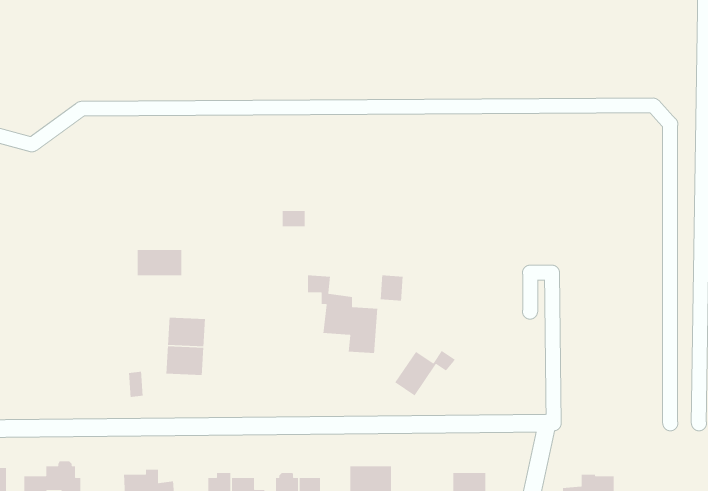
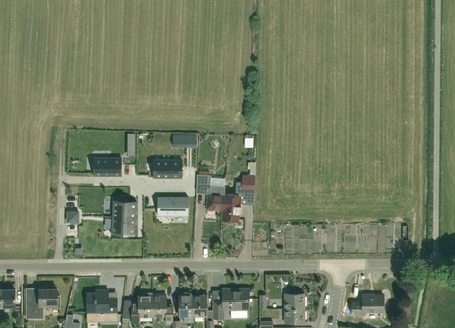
building: none -> [153,160,182,177]
building: none -> [158,197,188,215]
building: [394,350,456,396] -> none

